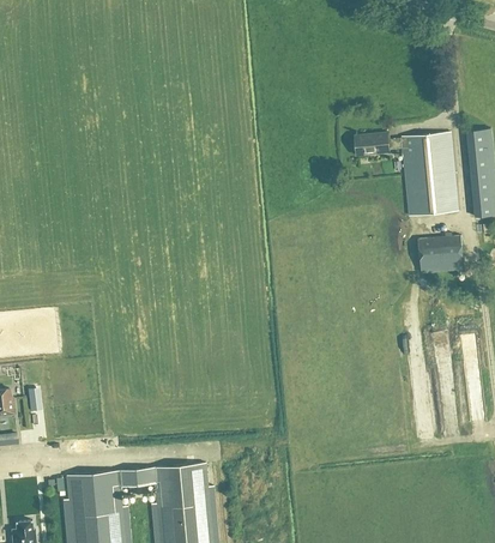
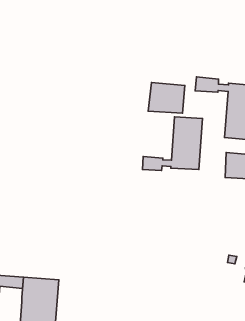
building: none -> [148,83,185,113]
building: none -> [143,117,203,171]

